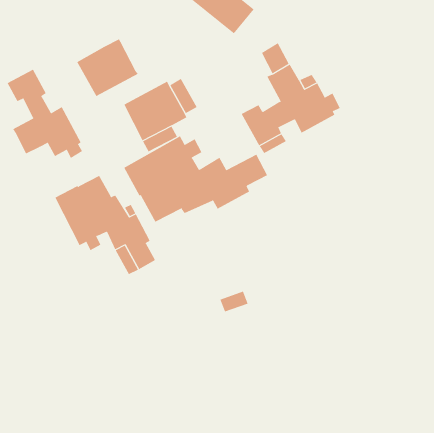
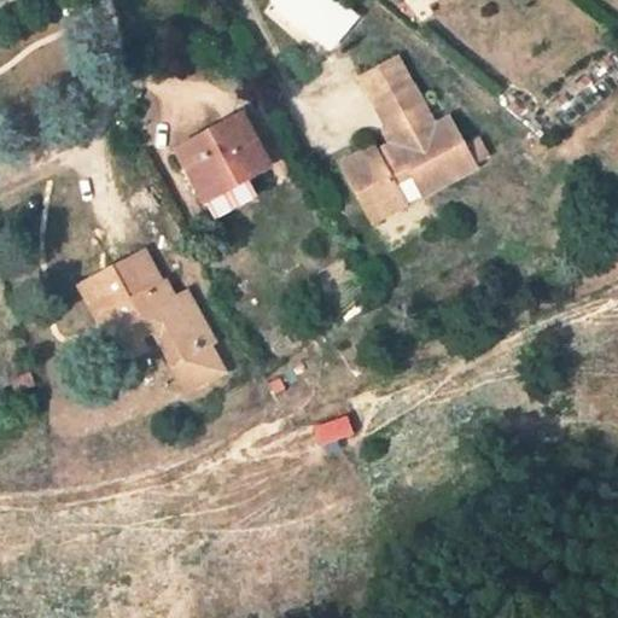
building: [76,38,138,97] -> none
building: [7,69,83,159] -> none
building: [123,136,268,222] -> none

